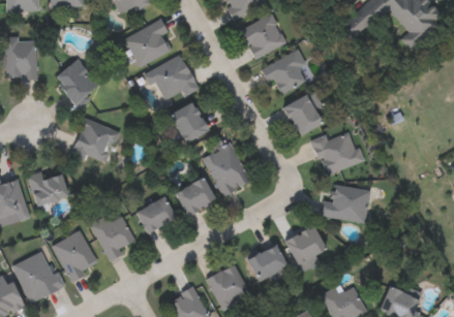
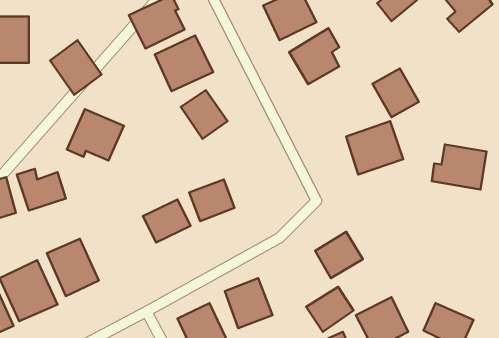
building: [283,93,324,135] -> [373,68,419,117]
building: [202,142,250,196] -> none
building: [322,184,369,223] -> [432,144,487,190]
building: [89,214,133,260] -> none
building: [246,243,287,282] -> [306,287,354,332]

